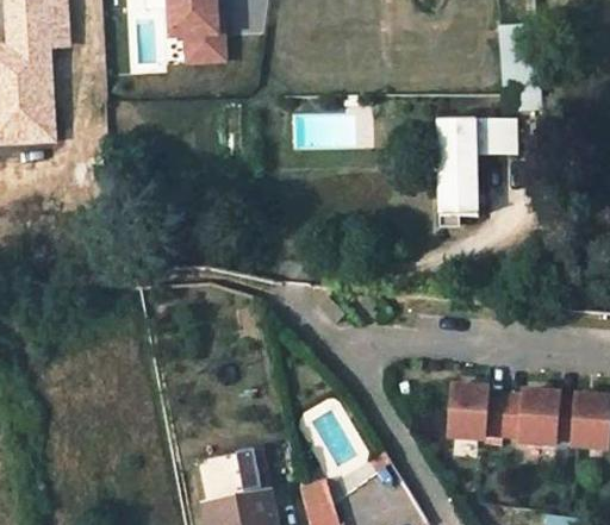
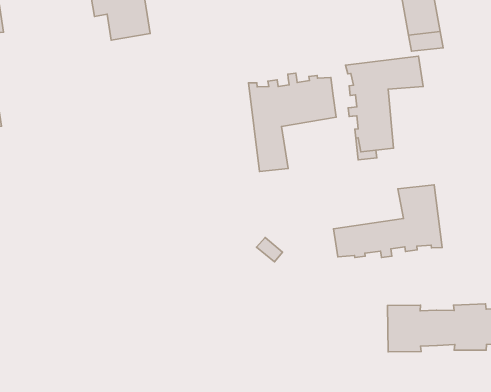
building: none -> [248,73,336,171]
building: none -> [334,185,442,258]

